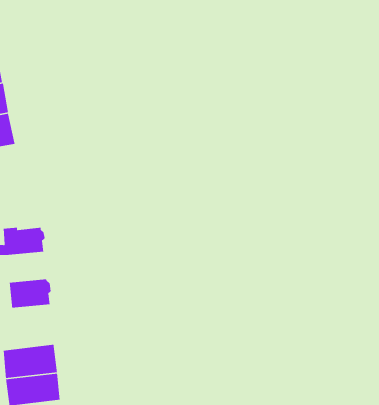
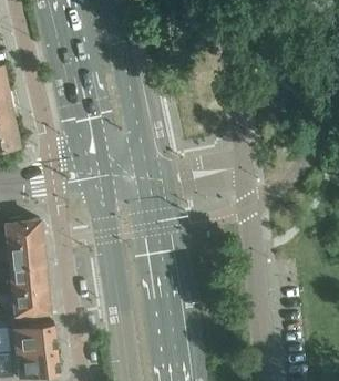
building: none -> [8,241,47,268]
building: none -> [13,288,52,315]

